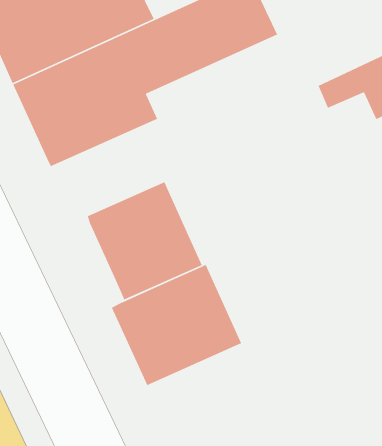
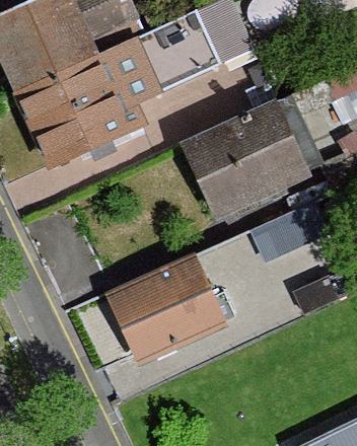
building: none -> [183,93,326,217]
building: [87,181,203,301] -> none

